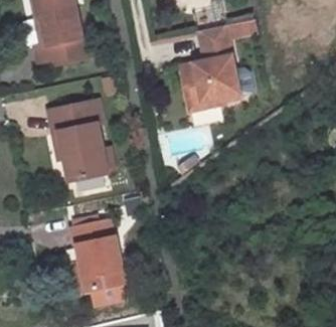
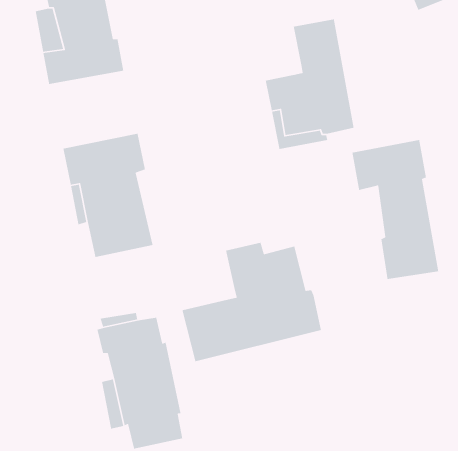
building: none -> [351,139,439,280]
building: none -> [182,242,322,362]

